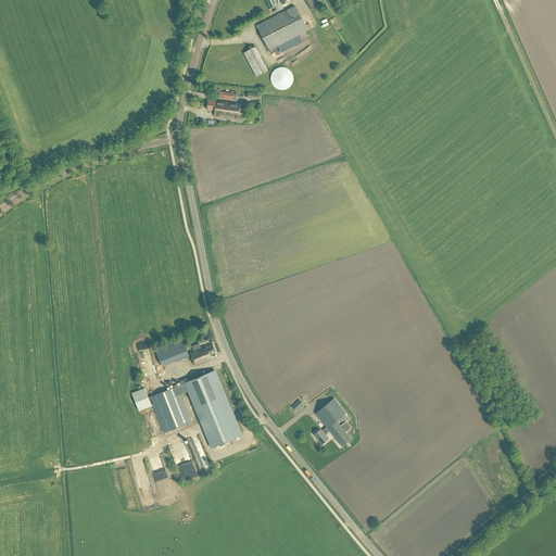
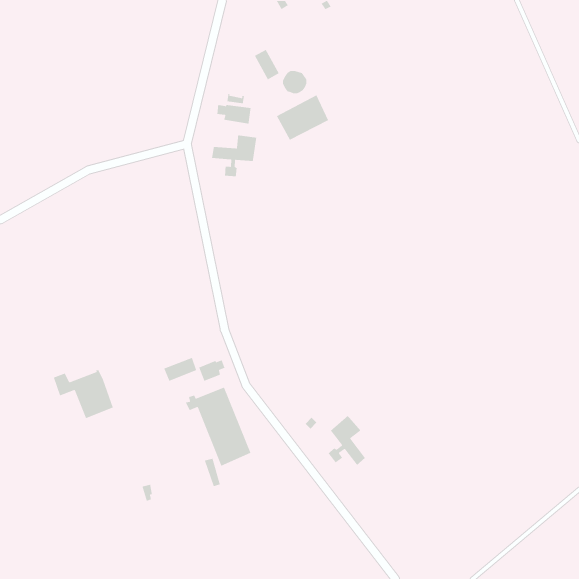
building: [256,5,307,50] -> [276,94,329,141]
building: none -> [211,134,257,177]
building: [132,384,191,432] -> [53,369,114,419]

